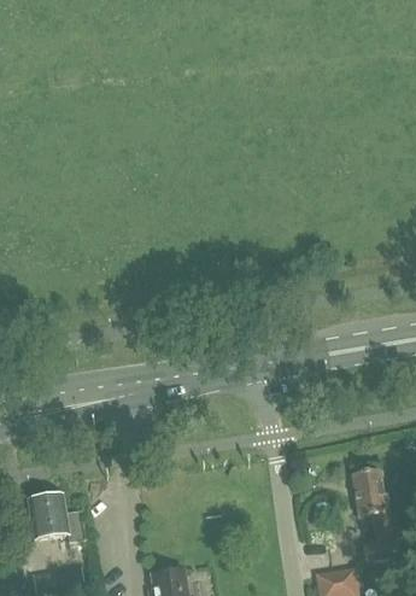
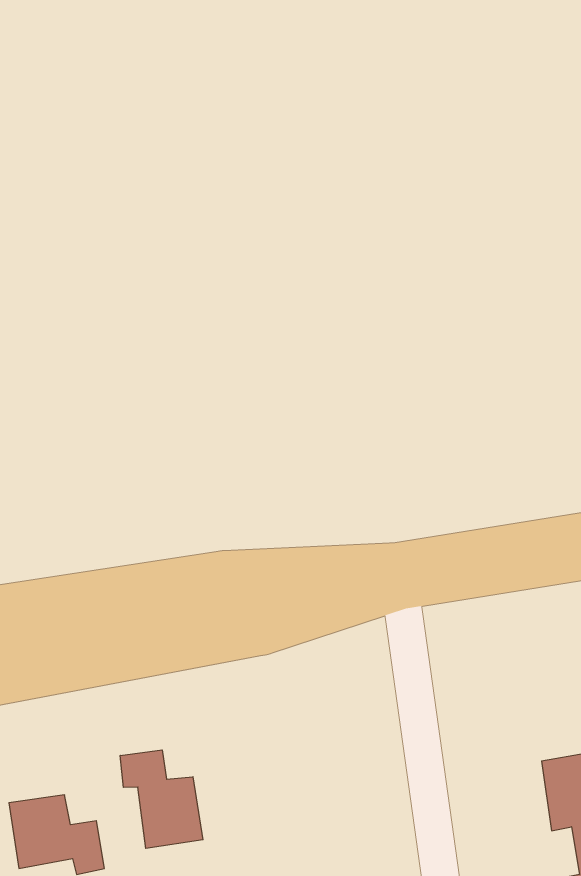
building: none -> [120,750,203,848]

